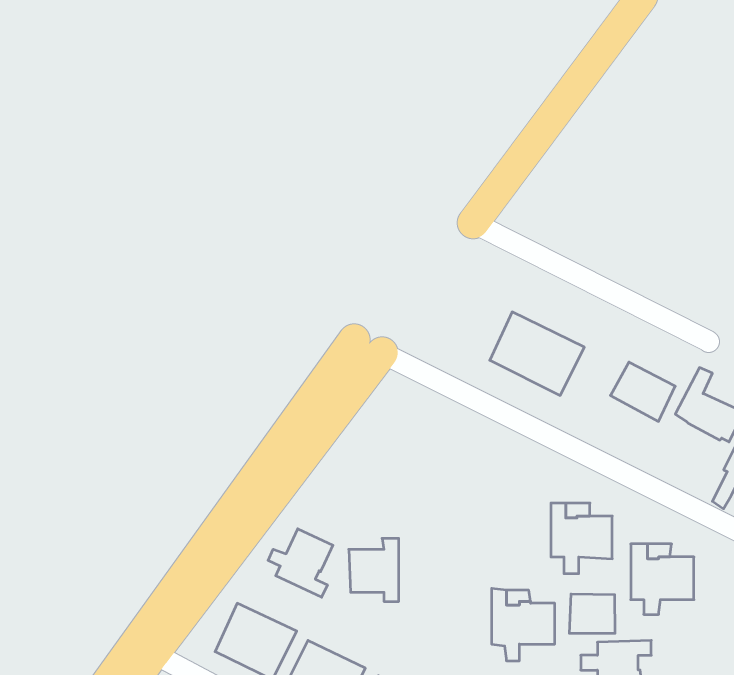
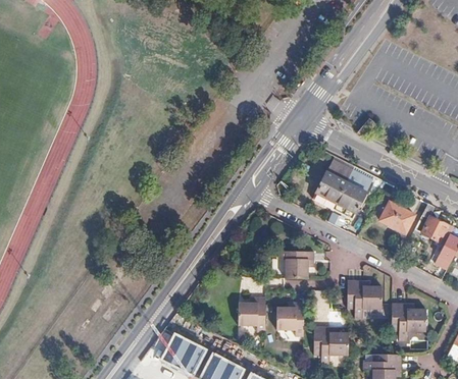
building: none -> [324,158,371,193]
building: none -> [273,250,308,278]
building: [268,529,333,597] -> none
building: none -> [274,302,303,336]
building: [569,594,615,633] -> none

